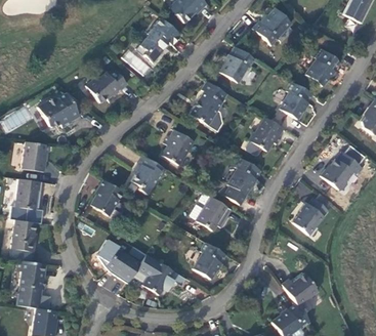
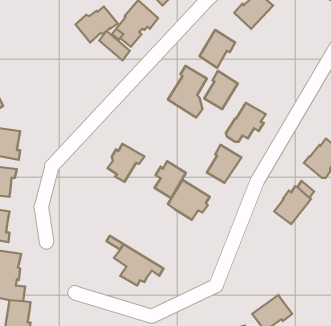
building: [305,48,340,86] -> none
building: [86,68,127,102] -> [75,7,118,42]
building: [280,82,312,119] -> [204,71,238,109]
building: [38,92,84,128] -> none
building: [163,129,194,165] -> [154,161,186,198]
building: [90,179,123,215] -> none
building: [98,239,140,283] -> none
building: [193,243,226,280] -> none
building: [283,274,319,305] -> none

